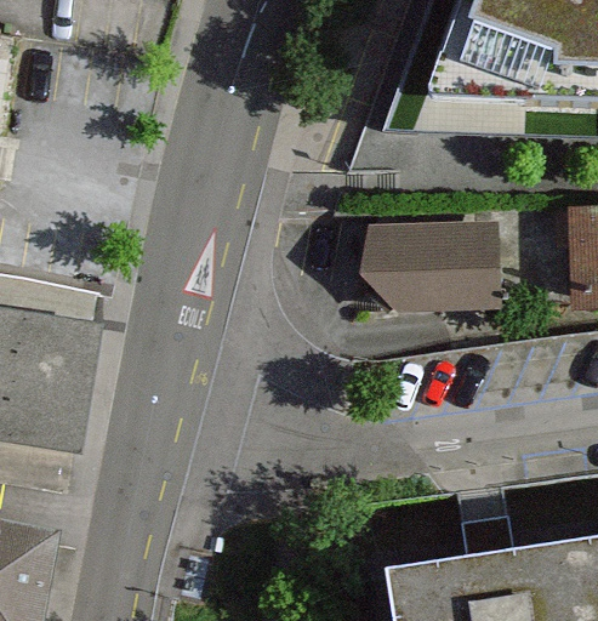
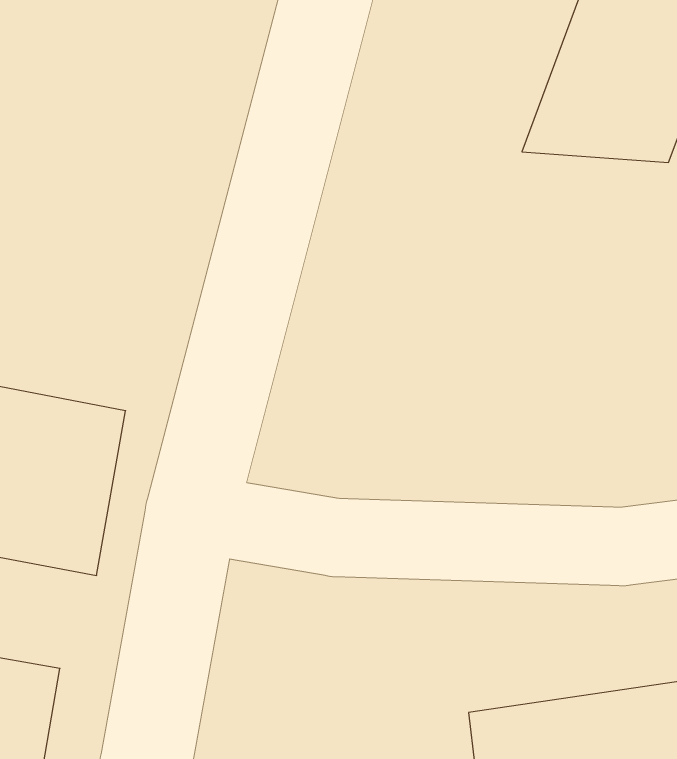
building: [368,218,500,314] -> none

